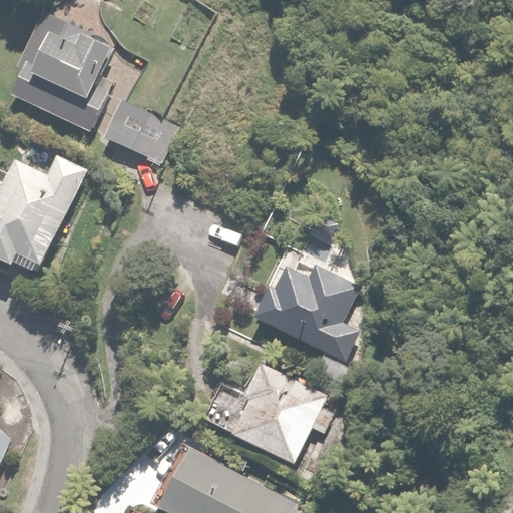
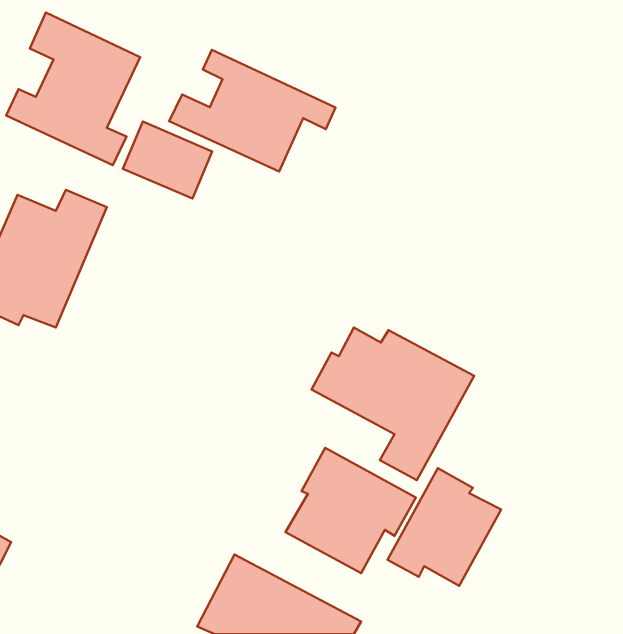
building: none -> [169,50,336,172]
building: none -> [388,468,501,586]

